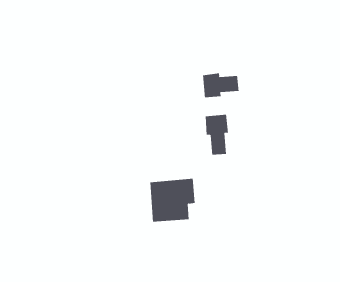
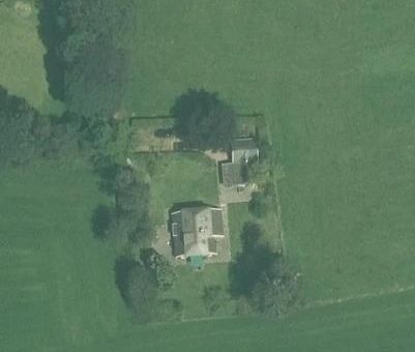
building: [202,72,239,98] -> none

